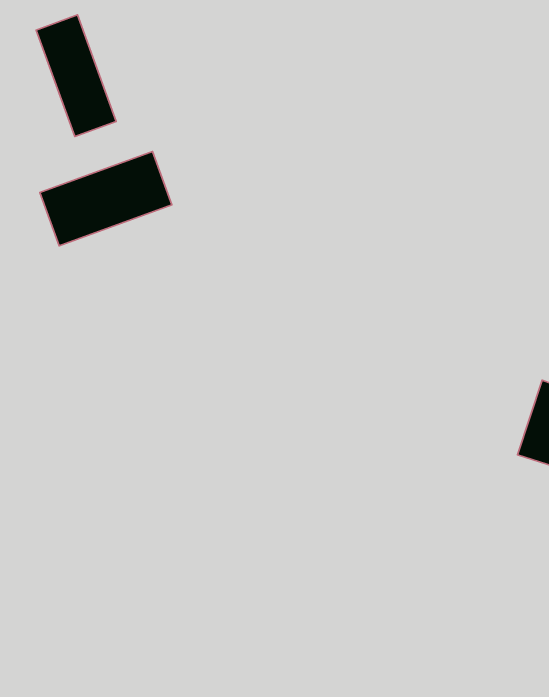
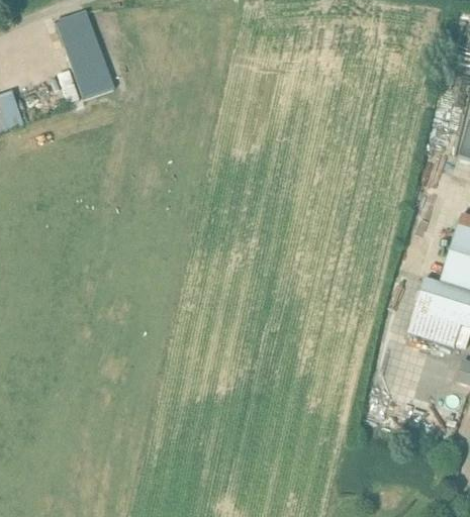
building: [40,152,172,246] -> none

